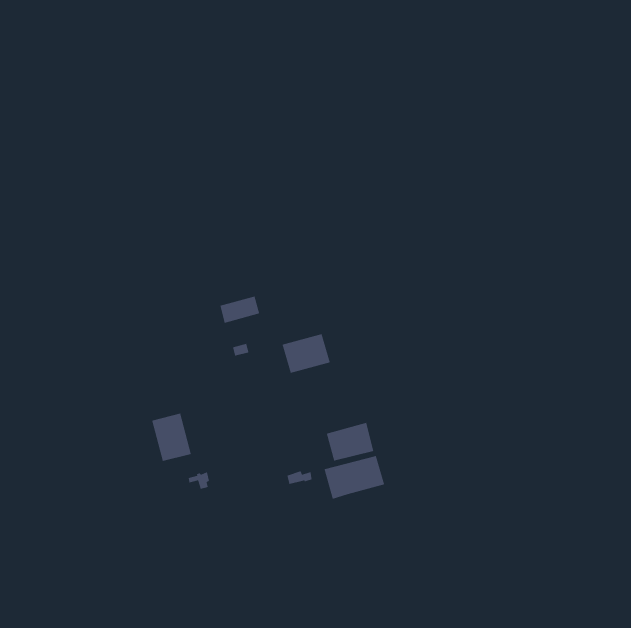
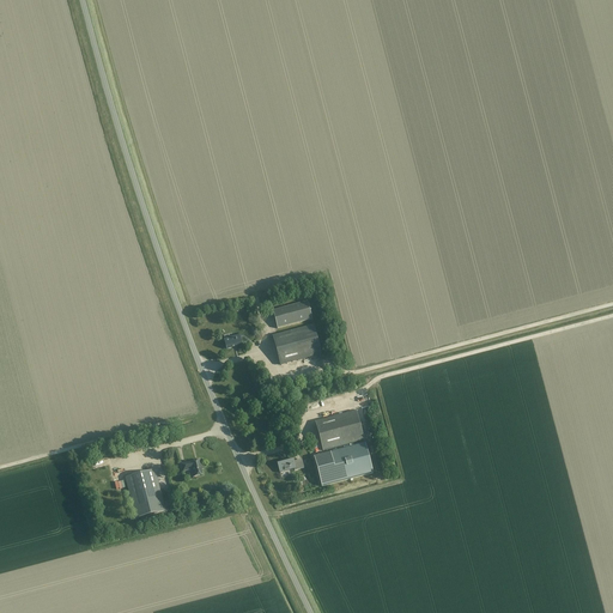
building: [219,295,260,324] -> [273,299,312,327]
building: [151,413,192,462] -> [126,469,165,517]

